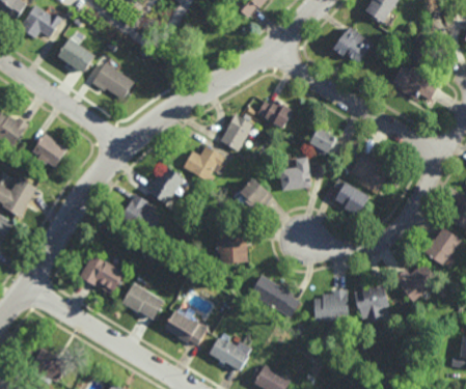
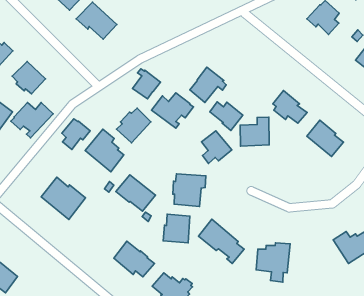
building: [257,100,293,129] -> [210,102,243,130]
building: none -> [133,69,161,99]
building: none -> [11,102,53,138]
building: [334,183,369,217] -> none
building: none -> [62,119,90,149]
building: none -> [163,214,190,243]
building: [121,281,164,317] -> [116,175,156,211]
building: [354,283,388,311] -> none

